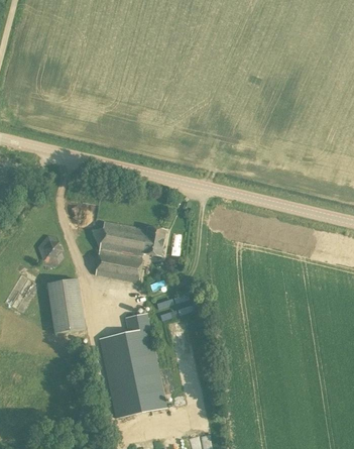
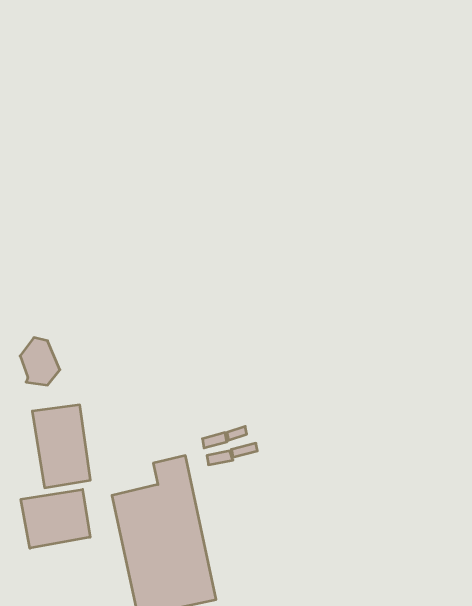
building: [96,222,164,282] -> none
building: none -> [21,489,90,548]

